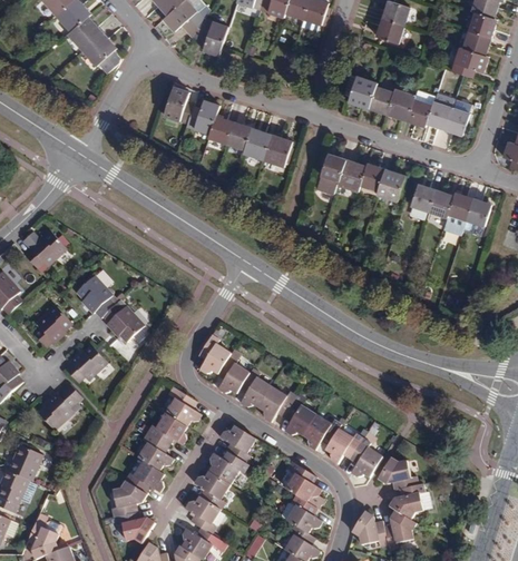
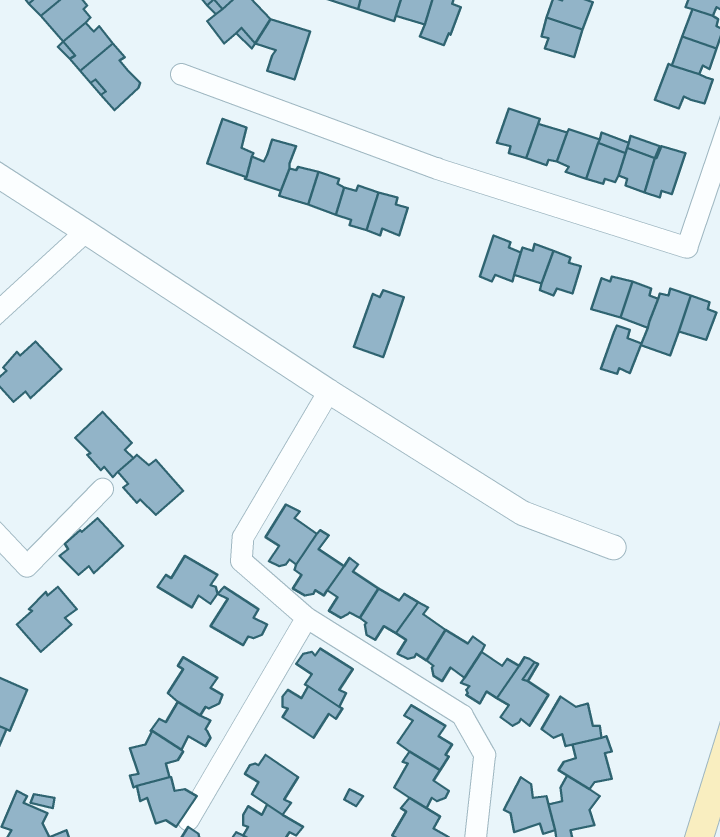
building: [314,155,346,198] -> [354,290,404,357]
building: none -> [601,325,642,374]
building: [32,303,71,345] -> none
building: [145,413,184,446] -> [157,556,217,607]
building: [193,472,229,511] -> none

